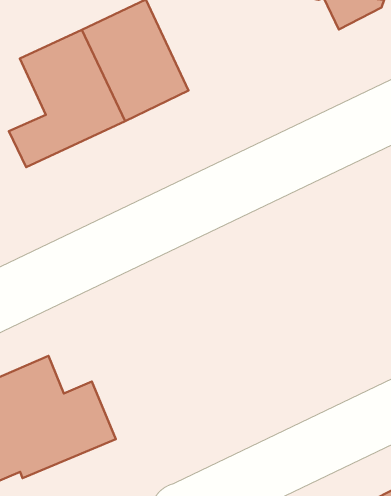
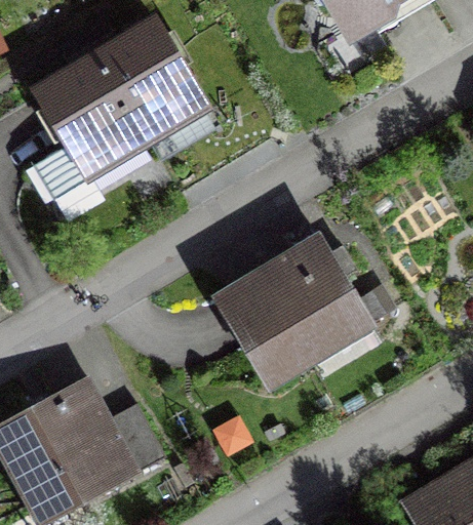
building: none -> [214,236,385,389]

